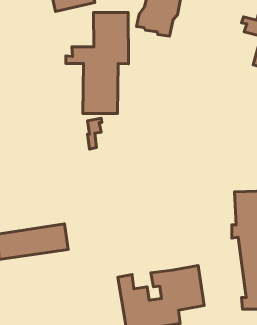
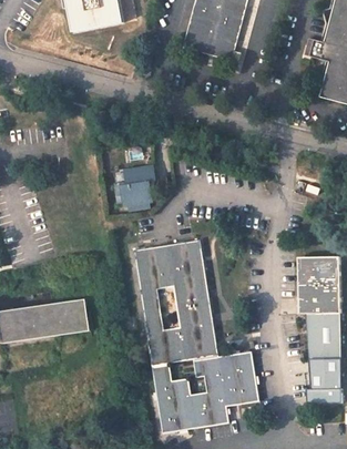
building: [66,12,128,114] -> none
building: none -> [123,169,154,203]
building: none -> [134,238,220,365]

